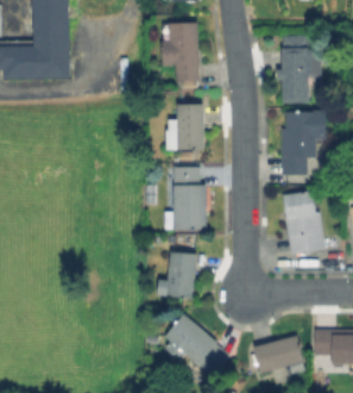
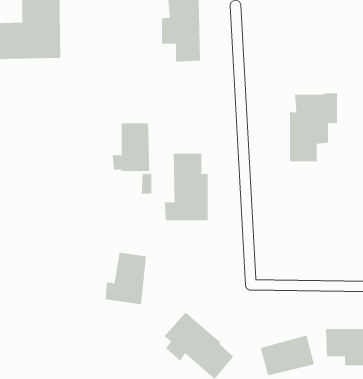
building: [280,40,311,104] -> none
building: [169,105,204,150] -> [112,123,150,172]
building: [283,191,324,255] -> none
building: [158,251,197,300] -> [105,252,147,305]

